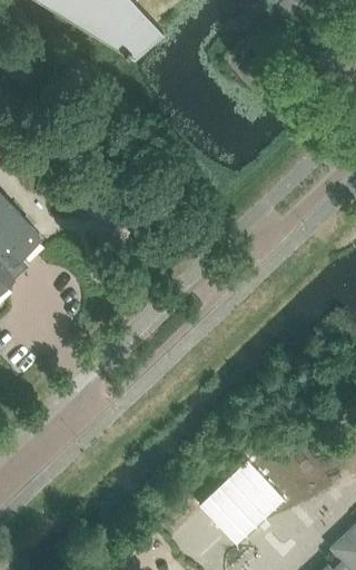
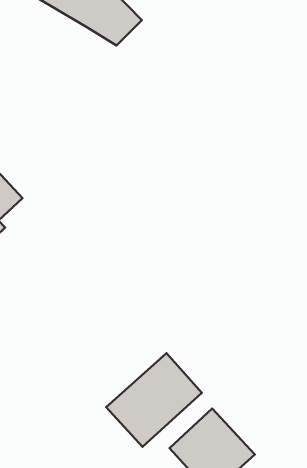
building: none -> [106,353,202,447]

